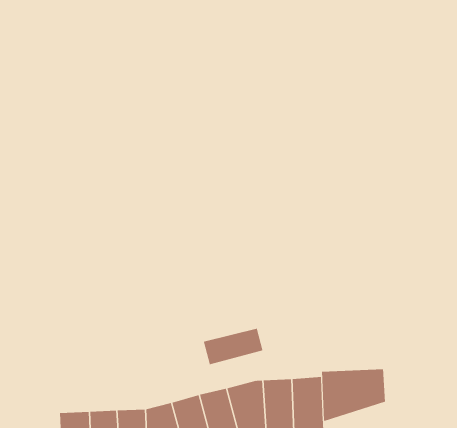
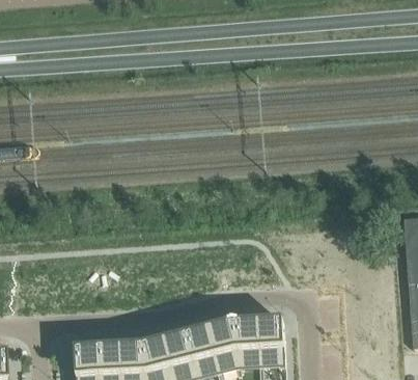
building: [203,328,263,365] -> none
building: [322,369,386,422] -> none

